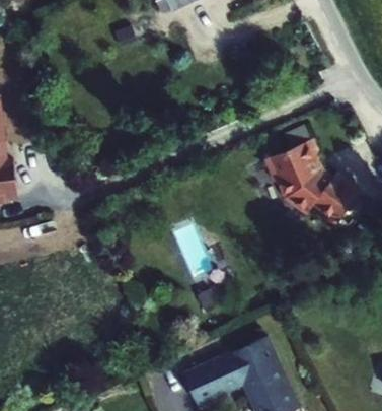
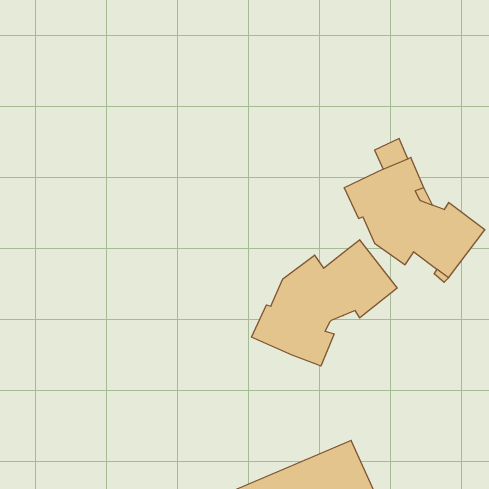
building: none -> [251,240,397,366]

